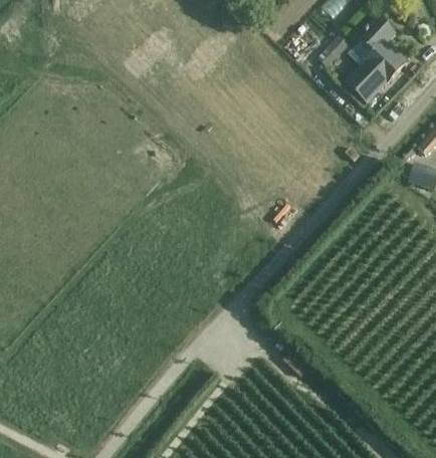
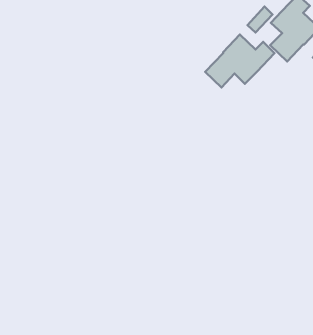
building: none -> [205,34,275,87]

